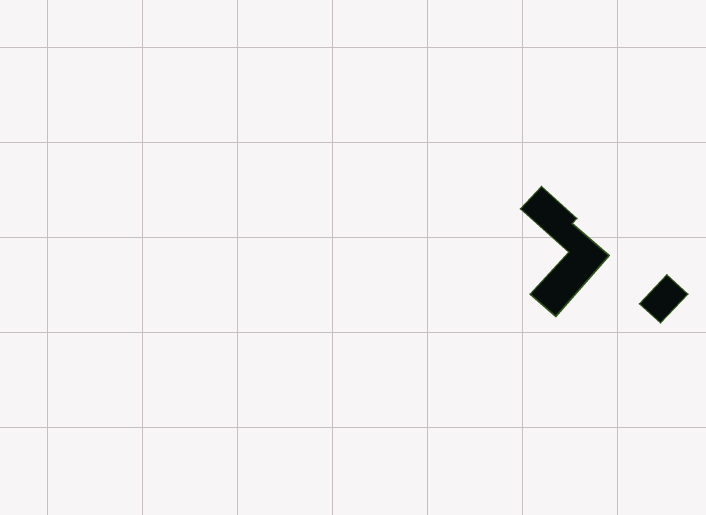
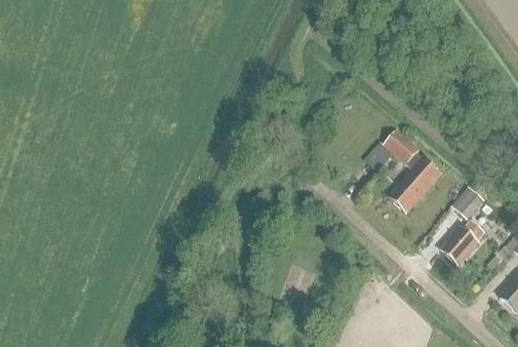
building: none -> [442,222,481,264]

